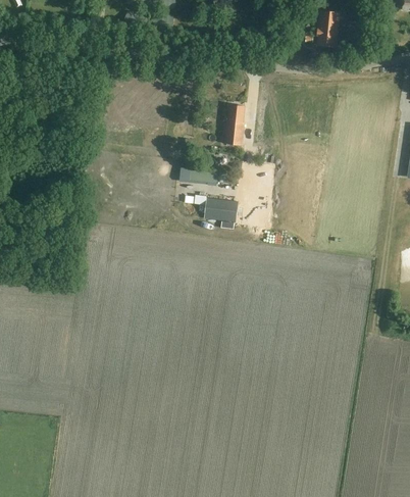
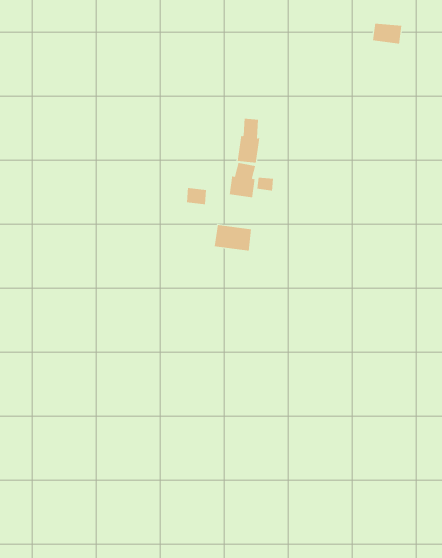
building: [317,11,338,46] -> none
building: none -> [229,162,256,198]

